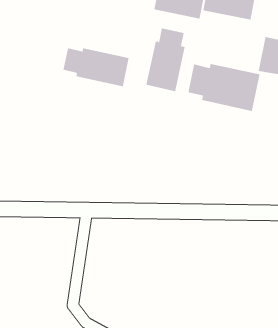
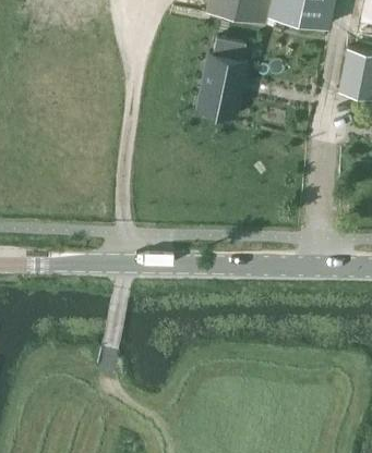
building: [63,47,129,87] -> none
building: [188,63,260,112] -> none

